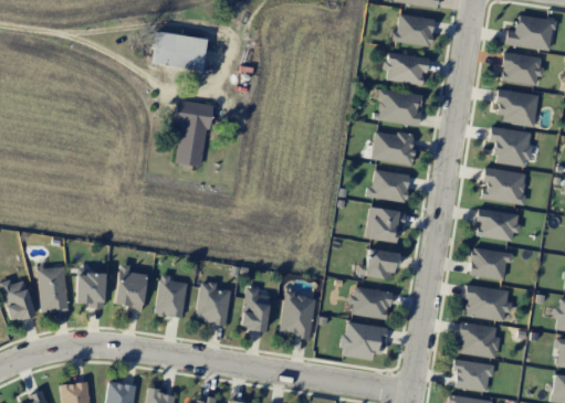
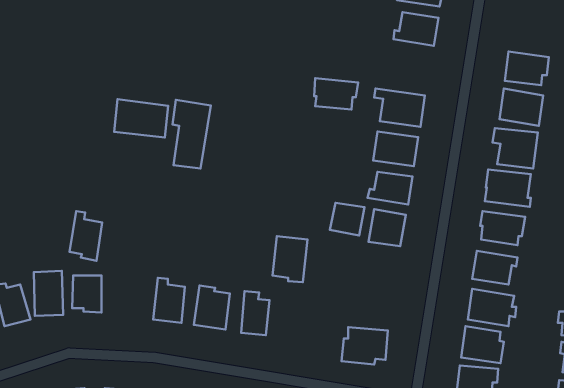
building: [505,15,554,50] -> none
building: [154,32,207,70] -> [114,99,168,137]
building: [386,53,429,84] -> [314,78,358,110]
building: [364,248,398,280] -> [330,203,365,235]
building: [115,264,147,312] -> [70,211,102,261]
building: [349,286,393,319] -> none
building: [281,294,315,339] -> [272,236,307,282]

